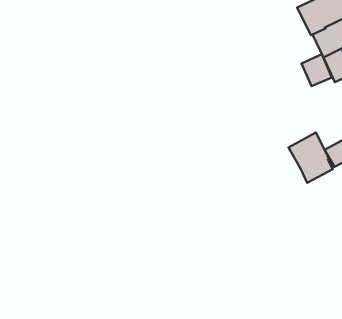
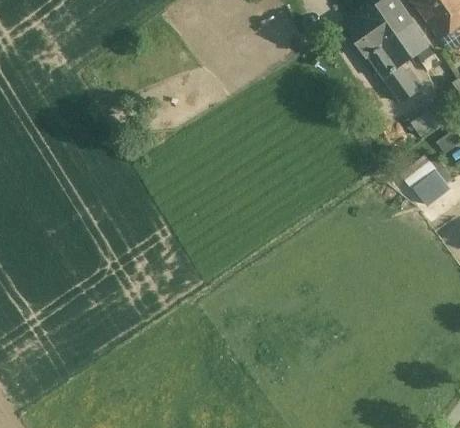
building: [301,54,332,86] -> none
building: [288,133,333,183] -> none

